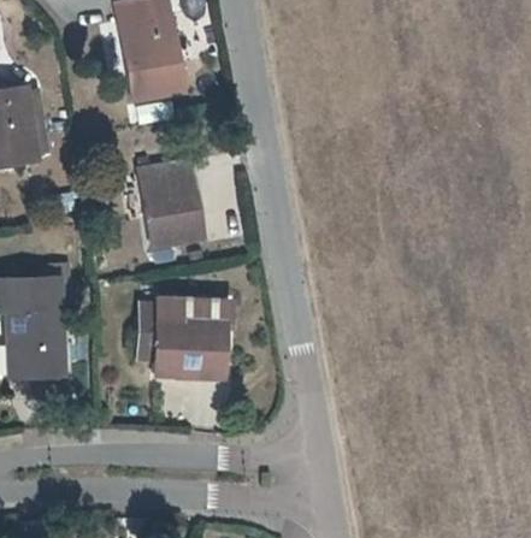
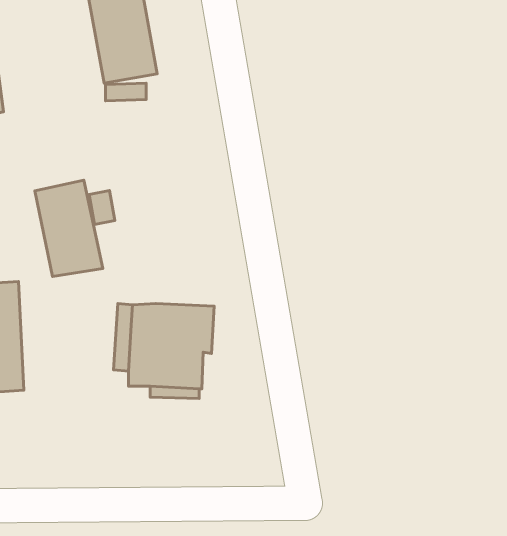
building: [141,160,201,246] -> [35,180,103,277]

